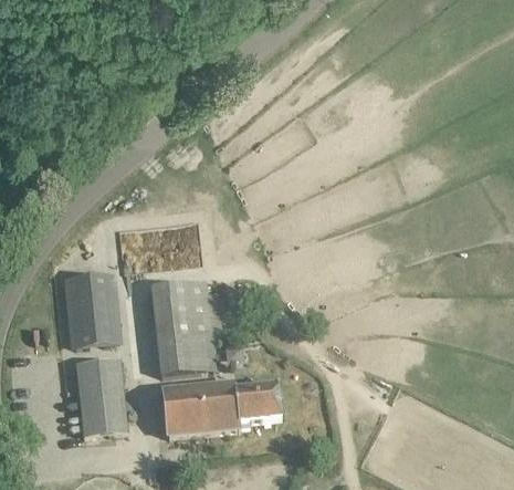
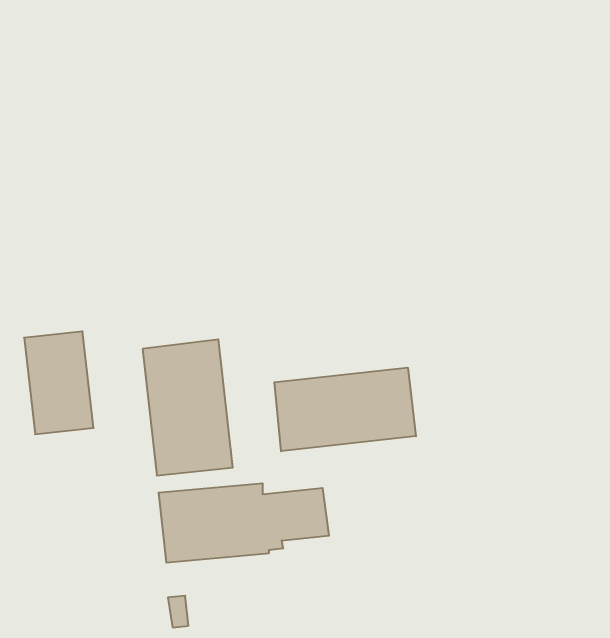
building: none -> [274,368,416,451]
building: [74,357,126,434] -> none

